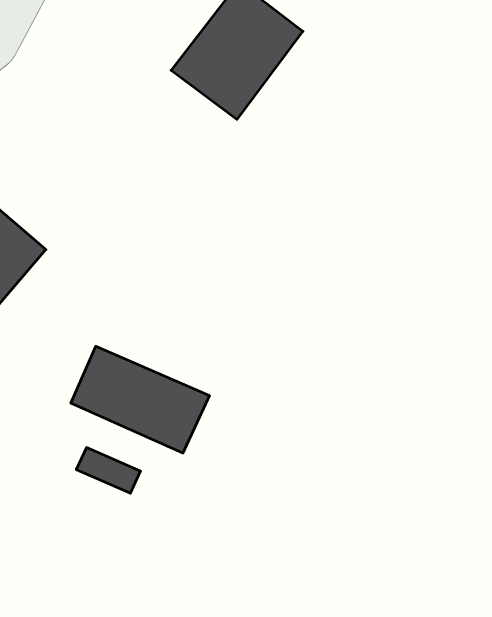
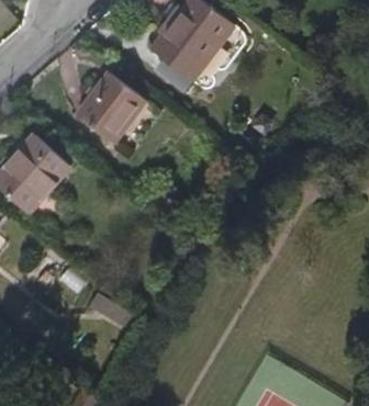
building: none -> [74,71,145,143]
building: [71,346,209,453] -> none

